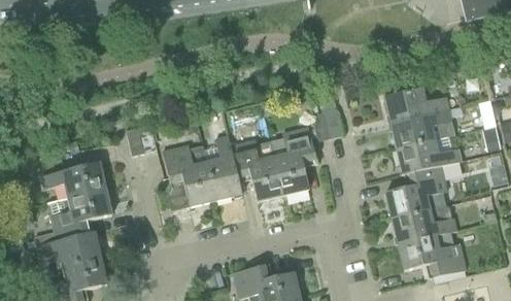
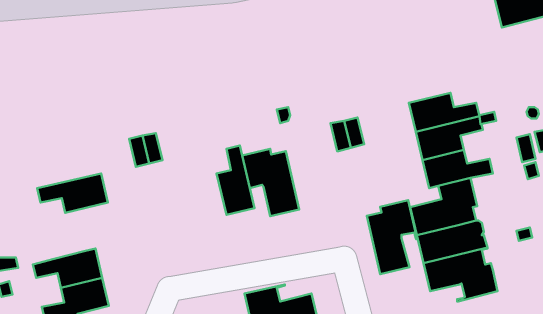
building: [271,126,317,194] -> [367,200,417,274]
building: [163,144,216,206] -> none
building: [36,188,113,244] -> none

